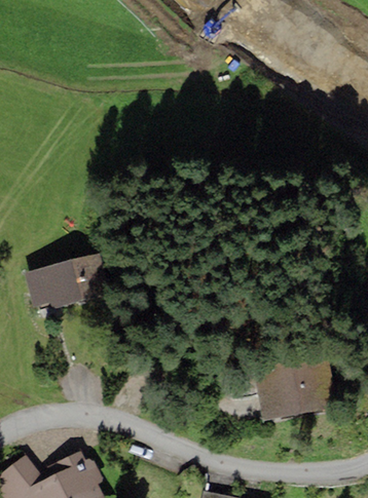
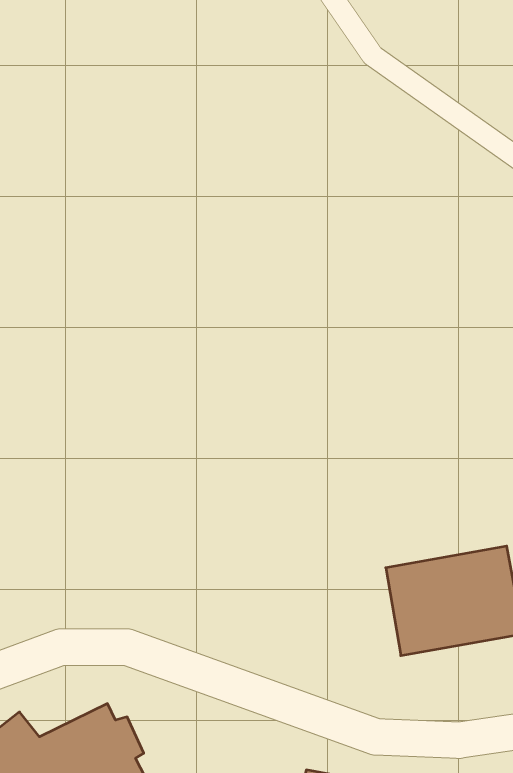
building: [24,254,110,309] -> none

